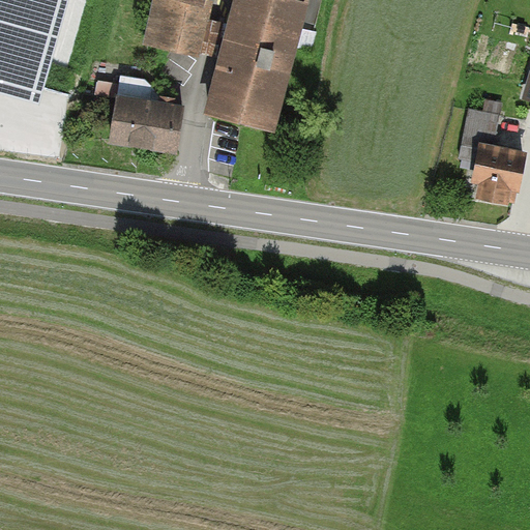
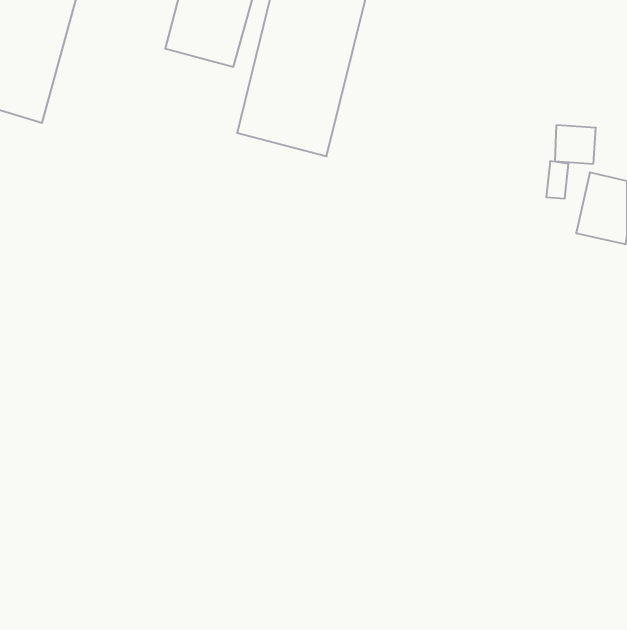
building: [116,92,185,150] -> none

